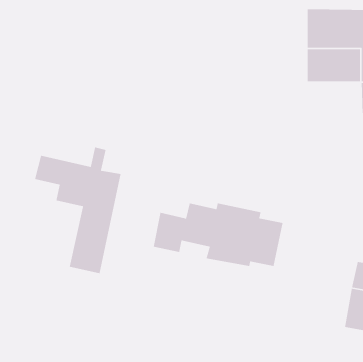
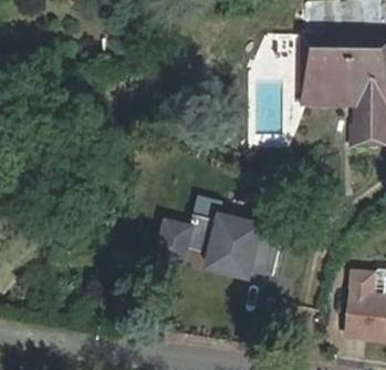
building: [34,147,121,274] -> none

